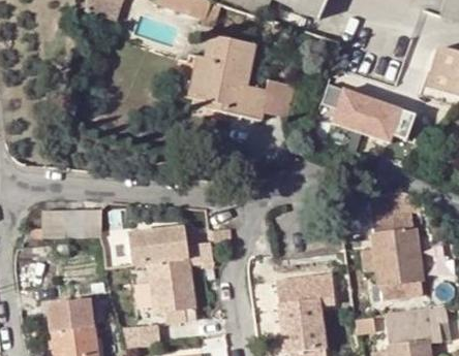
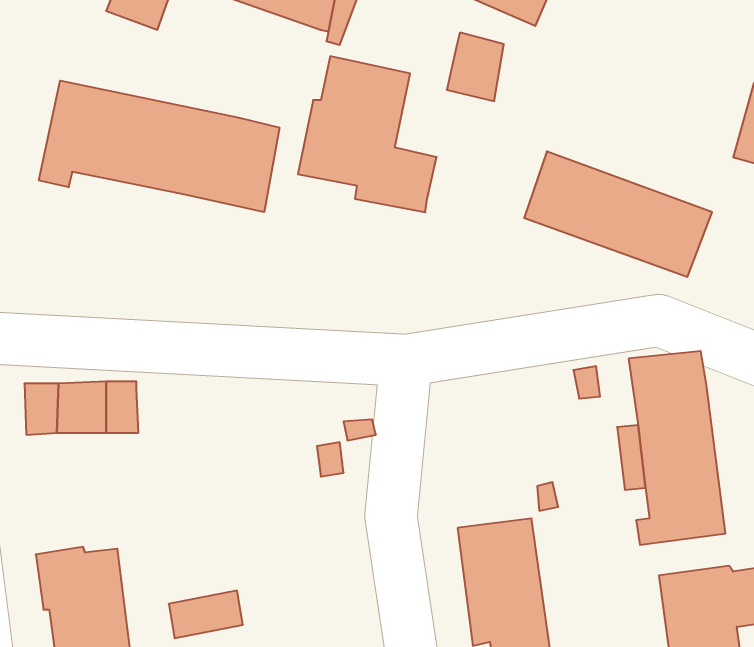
building: none -> [39,81,280,212]
building: [259,79,290,117] -> [447,33,504,101]
building: [127,228,196,324] -> none

